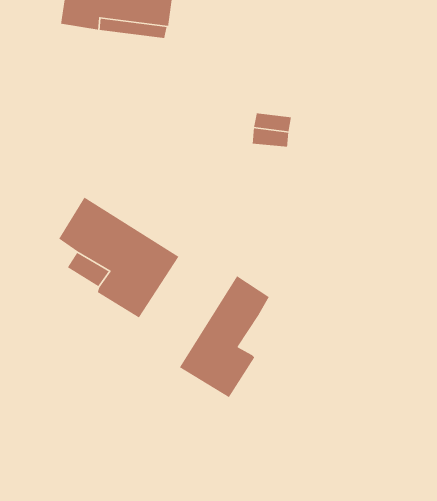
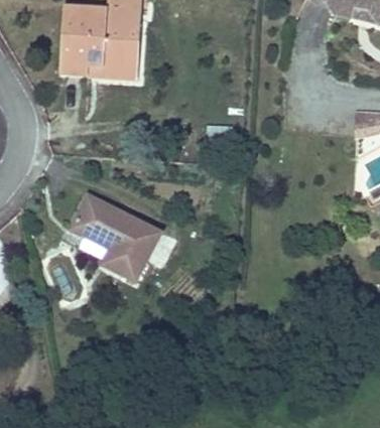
building: [179,275,270,398] -> none

